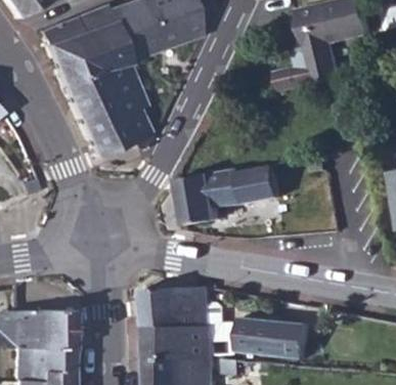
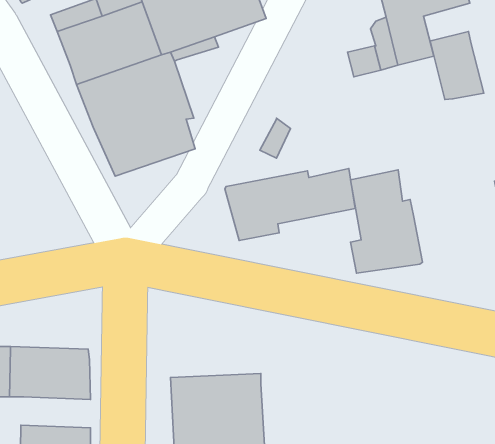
building: none -> [430,32,484,99]
building: none -> [351,170,422,273]
building: [136,287,295,352] -> none
building: [18,344,74,369] -> none

